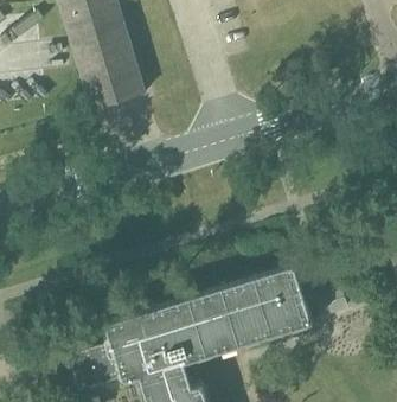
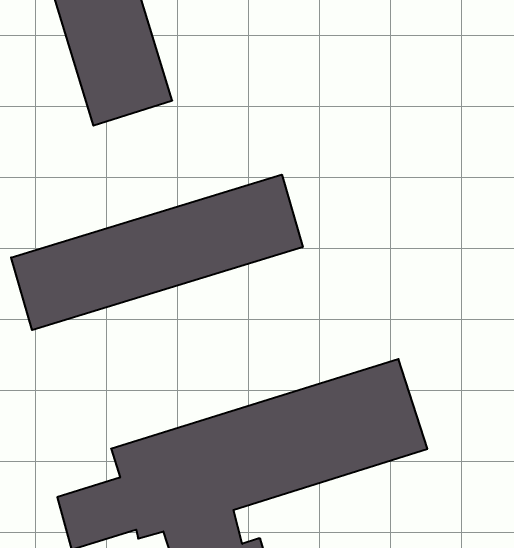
building: none -> [11,175,303,330]

